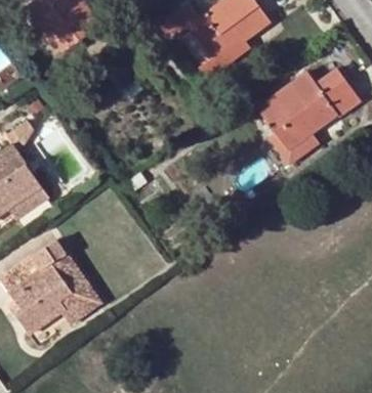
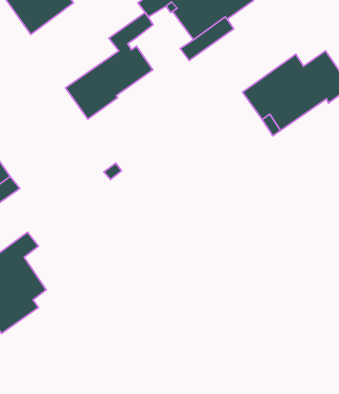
building: none -> [66,13,153,119]
building: [53,252,101,323] -> none

